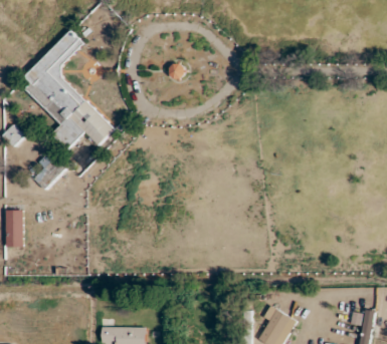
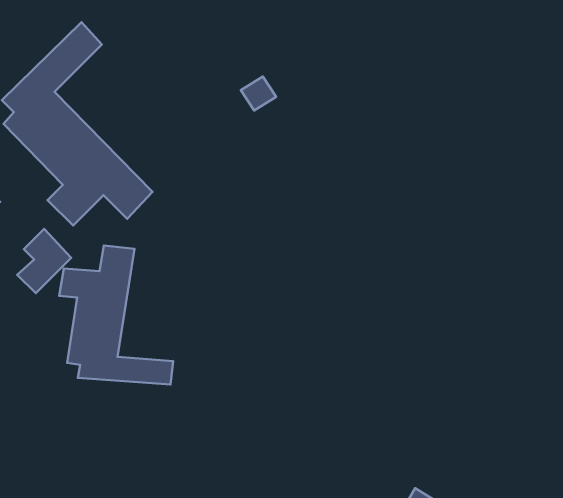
building: none -> [59,245,173,384]

